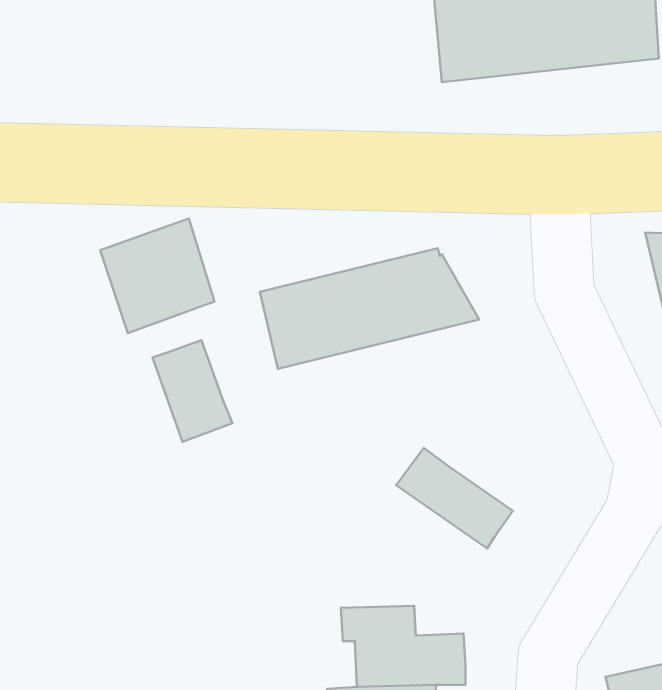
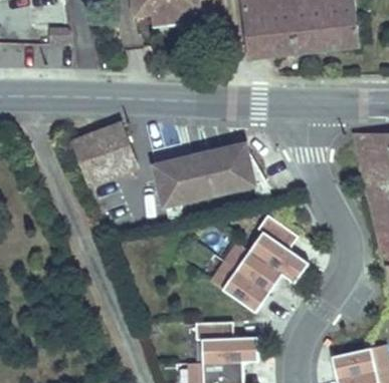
building: [153,340,232,442] -> none
building: none -> [249,216,309,284]
building: none -> [210,262,269,313]

